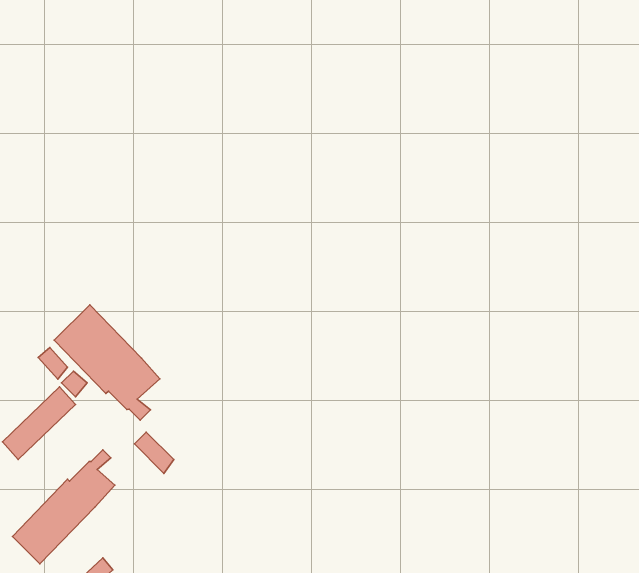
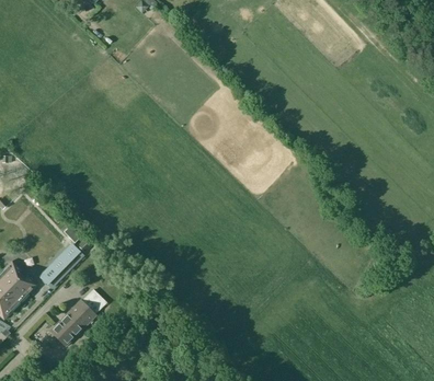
building: [54,305,160,420] -> none

